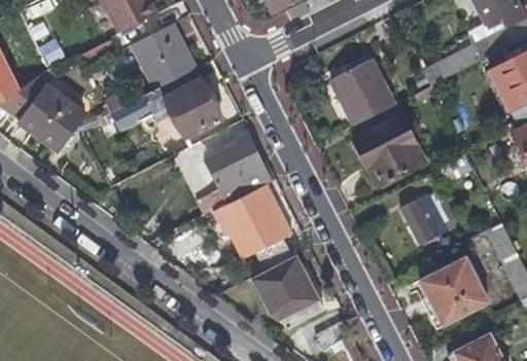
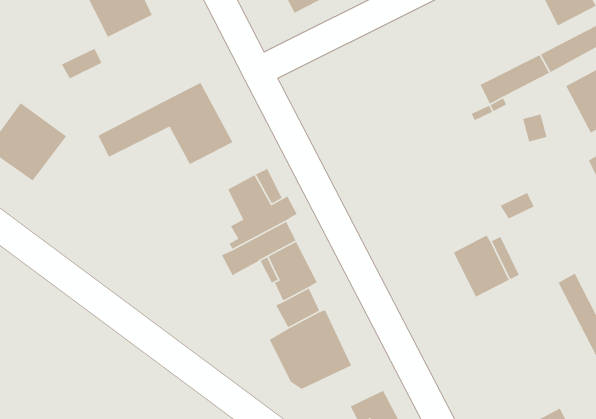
building: [132,25,195,89] -> none
building: [330,60,394,125] -> none
building: [356,116,424,185] -> none
building: [418,257,487,325] -> none

